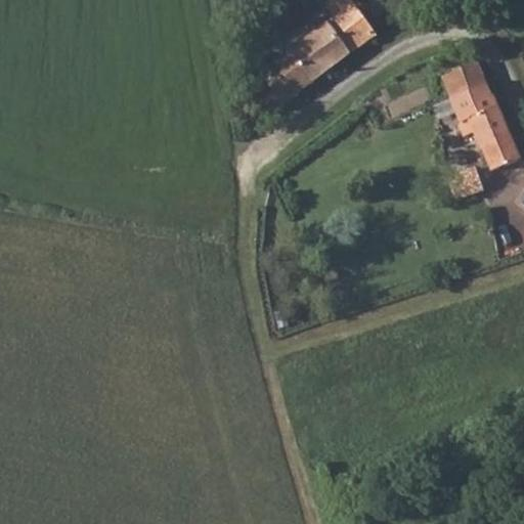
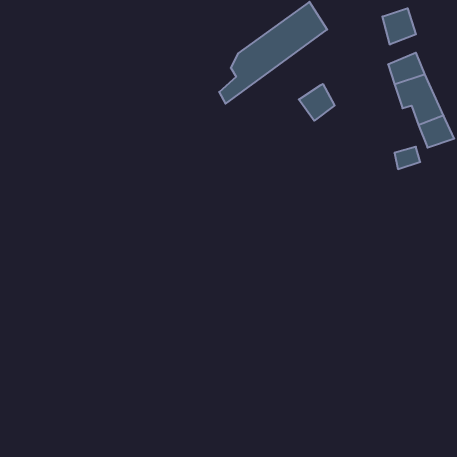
building: none -> [382,8,416,45]
building: none -> [299,84,335,121]

